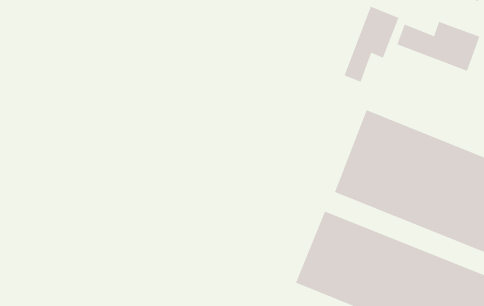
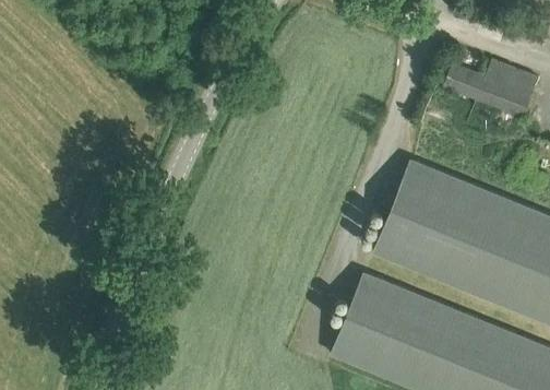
building: [344,6,399,82] -> none

